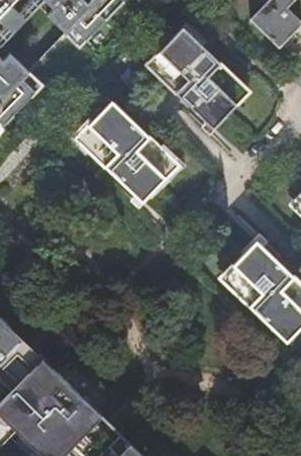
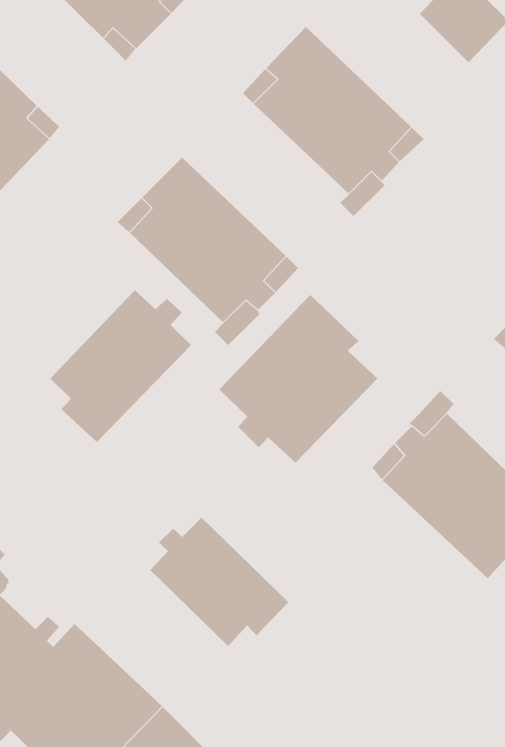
building: none -> [49,290,192,443]
building: none -> [219,294,378,464]
building: none -> [150,517,289,647]

